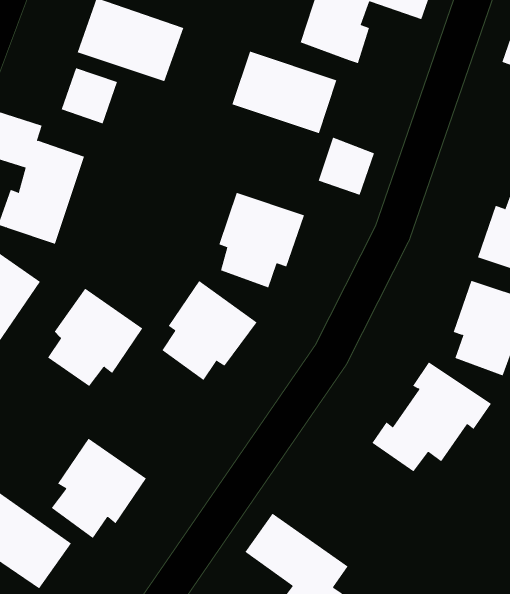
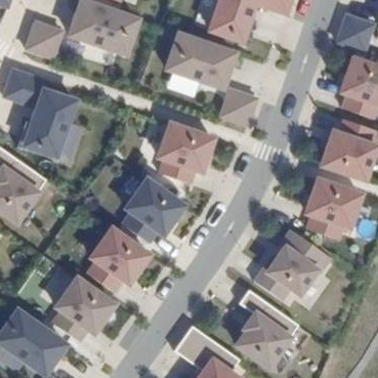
building: [61,67,118,124] -> [26,23,61,58]
building: [47,288,143,387] -> [87,228,148,291]
building: none -> [236,289,298,366]

